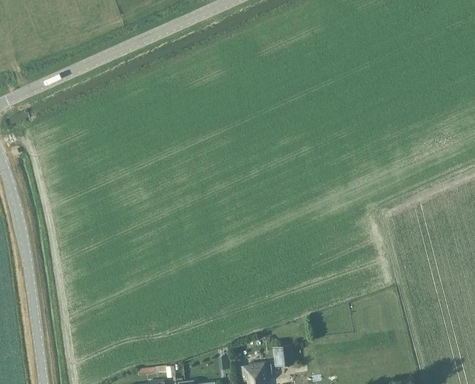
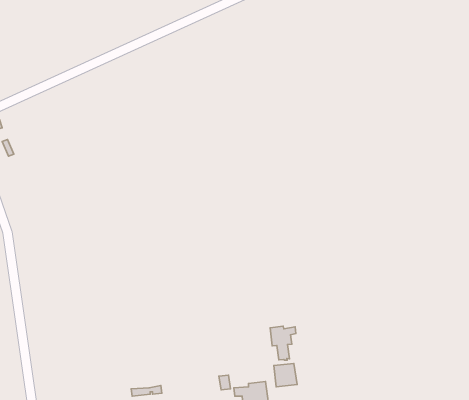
building: none -> [270,326,296,360]

